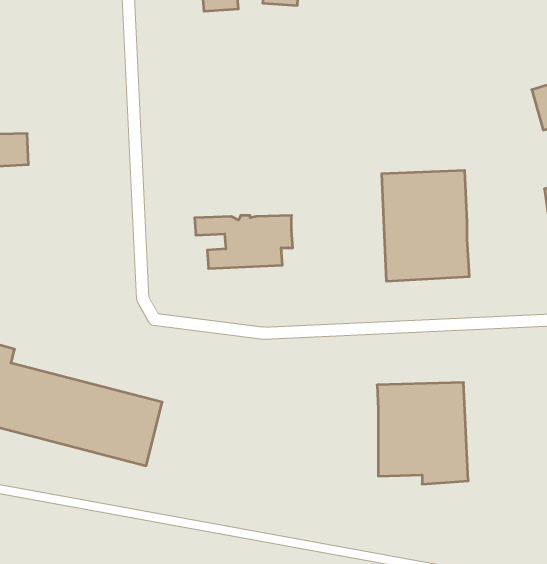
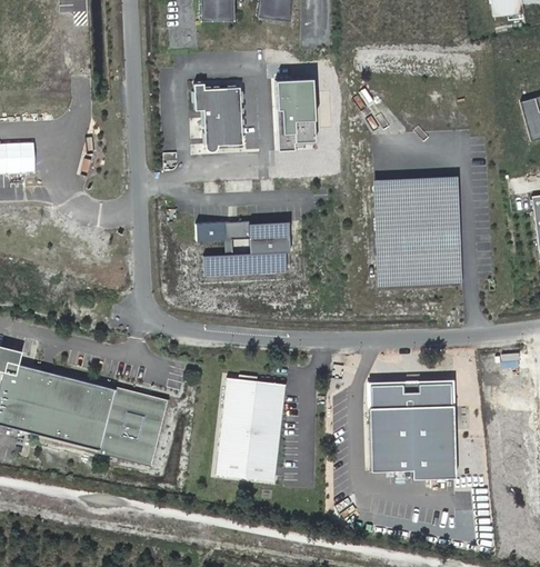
building: none -> [279,80,317,151]
building: none -> [193,83,241,151]
building: none -> [202,252,286,276]
building: none -> [214,377,283,480]

